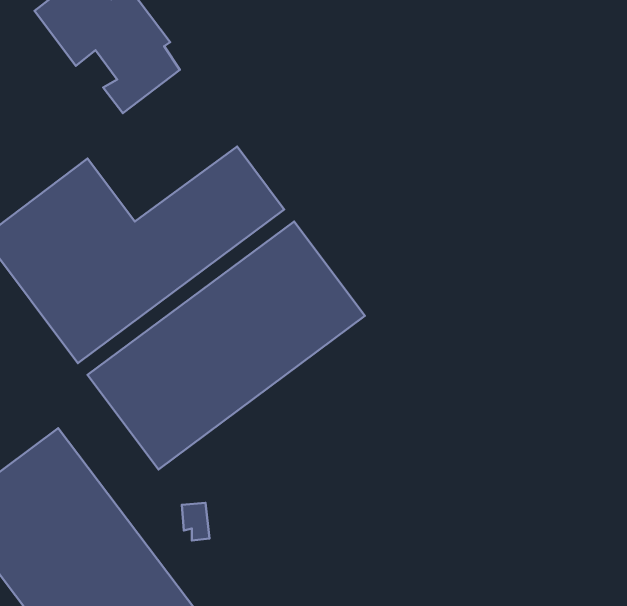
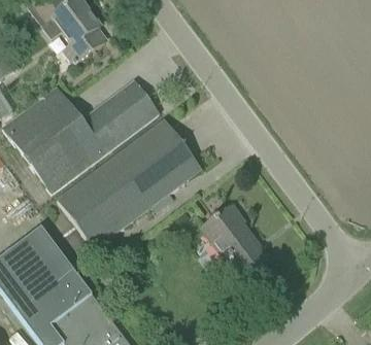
building: none -> [201,204,268,287]

